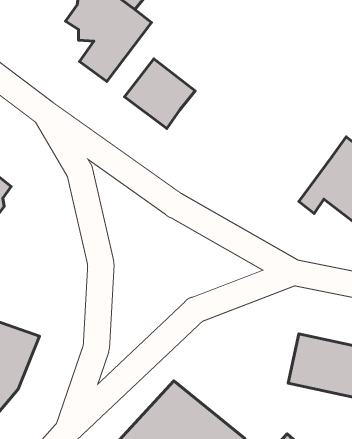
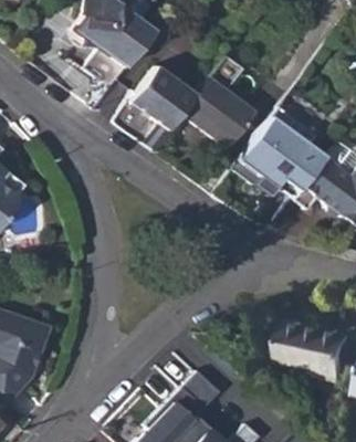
building: none -> [182,78,254,148]
building: none -> [232,107,325,200]

